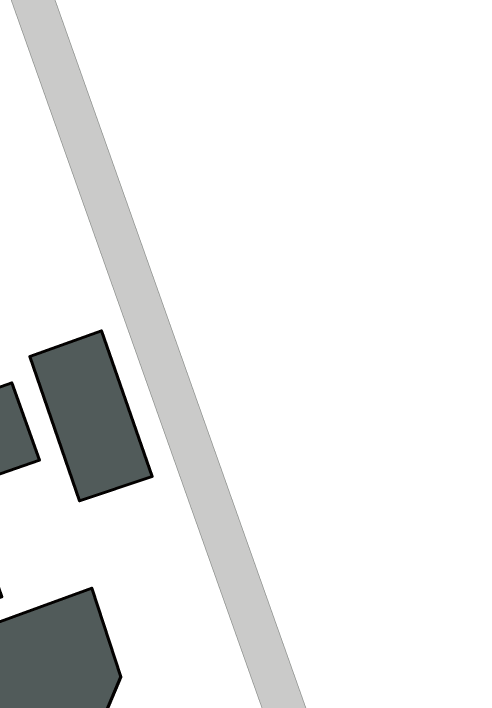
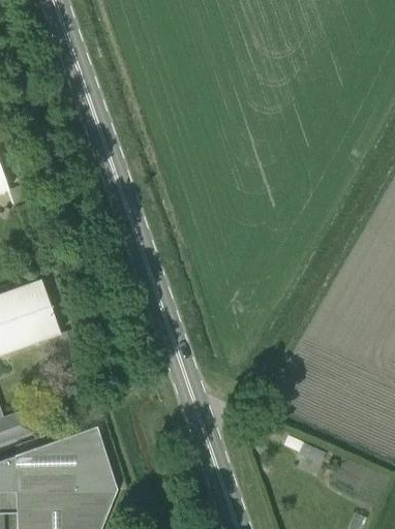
building: [30,331,152,501] -> none

